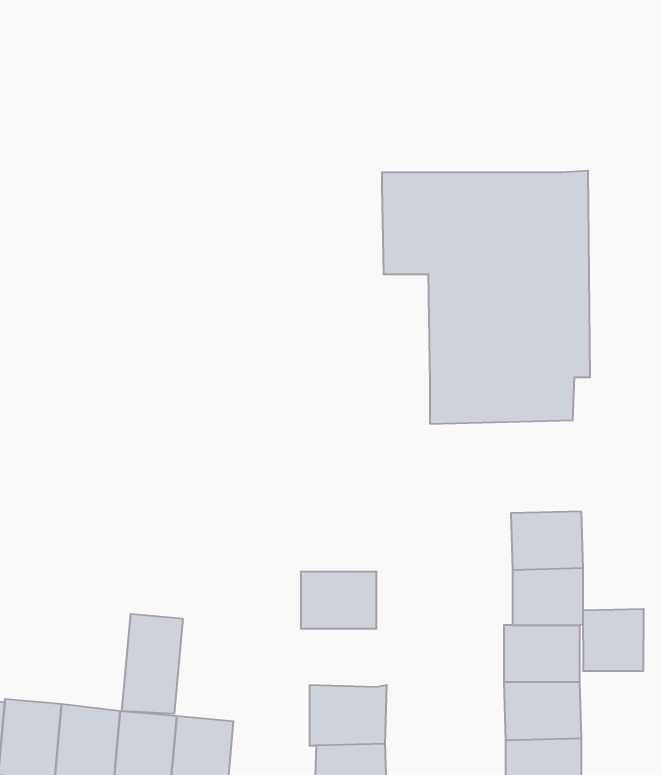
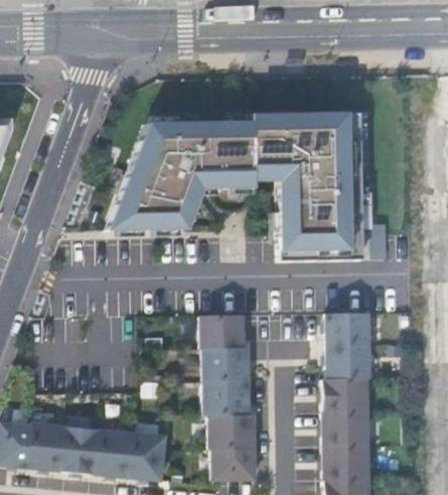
building: none -> [109,123,253,230]
building: none -> [201,315,244,349]
building: [583,609,643,671] -> none
building: [122,614,183,714] -> none
building: none -> [204,382,249,416]

